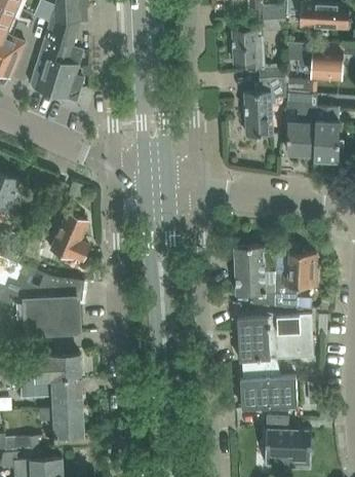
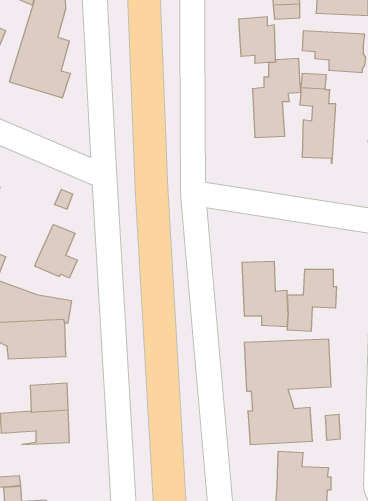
building: [315,106,340,159] -> none
building: [40,406,84,436] -> none

